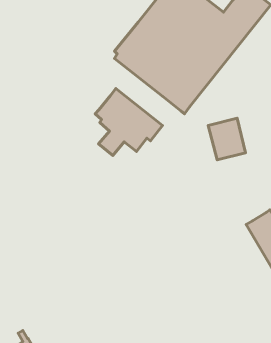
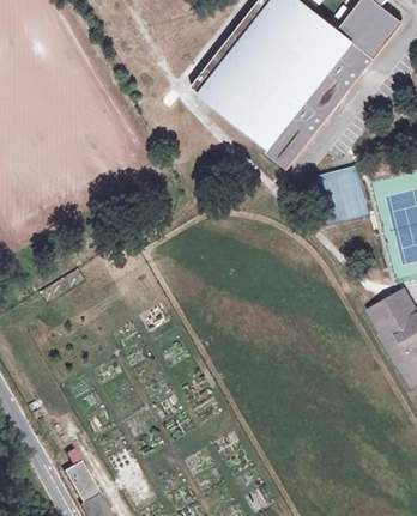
building: [95,89,162,155] -> none

